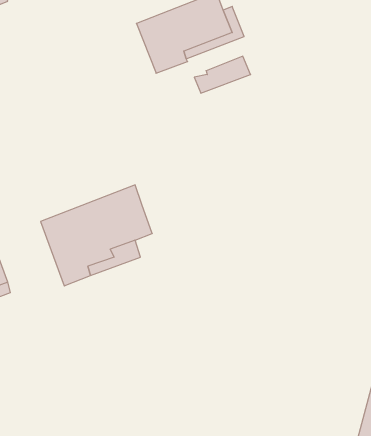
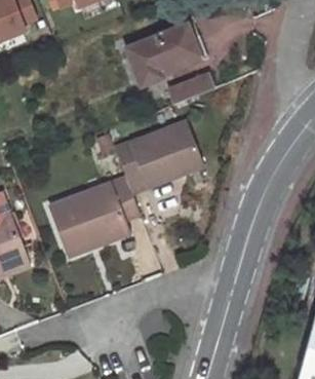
building: none -> [115,119,205,190]

